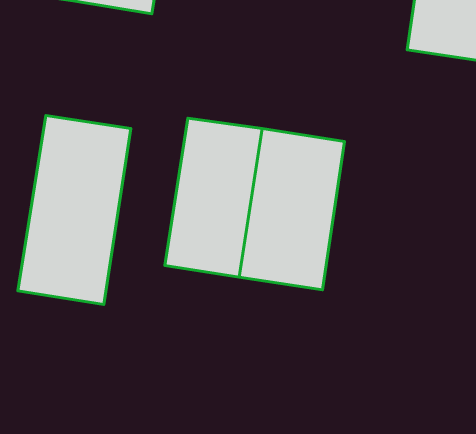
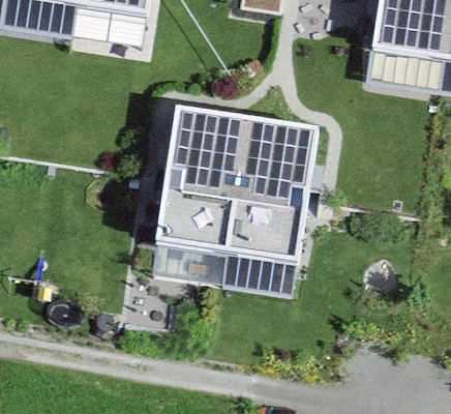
building: [18,115,131,304] -> none

